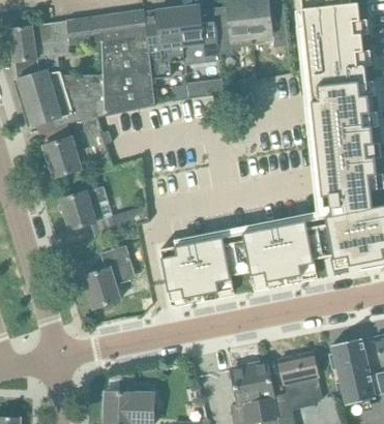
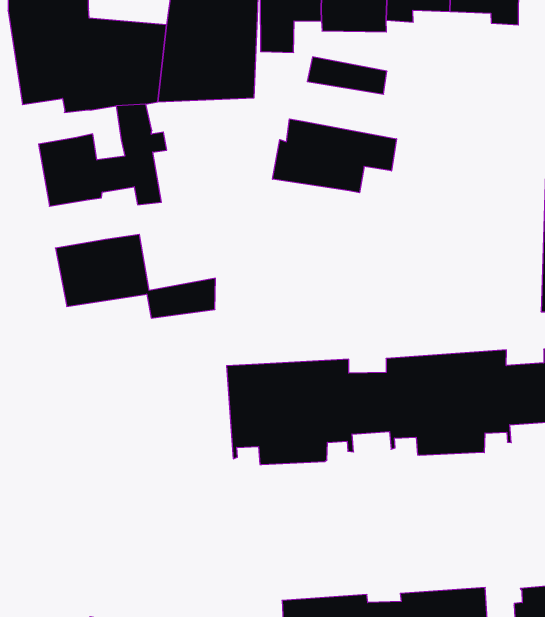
building: none -> [273,119,396,193]
building: [84,245,134,308] -> none

